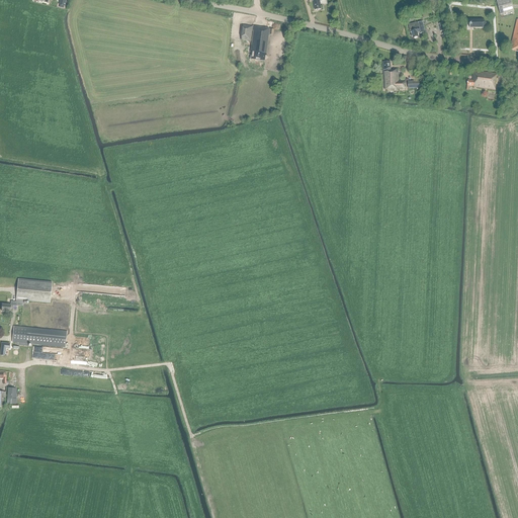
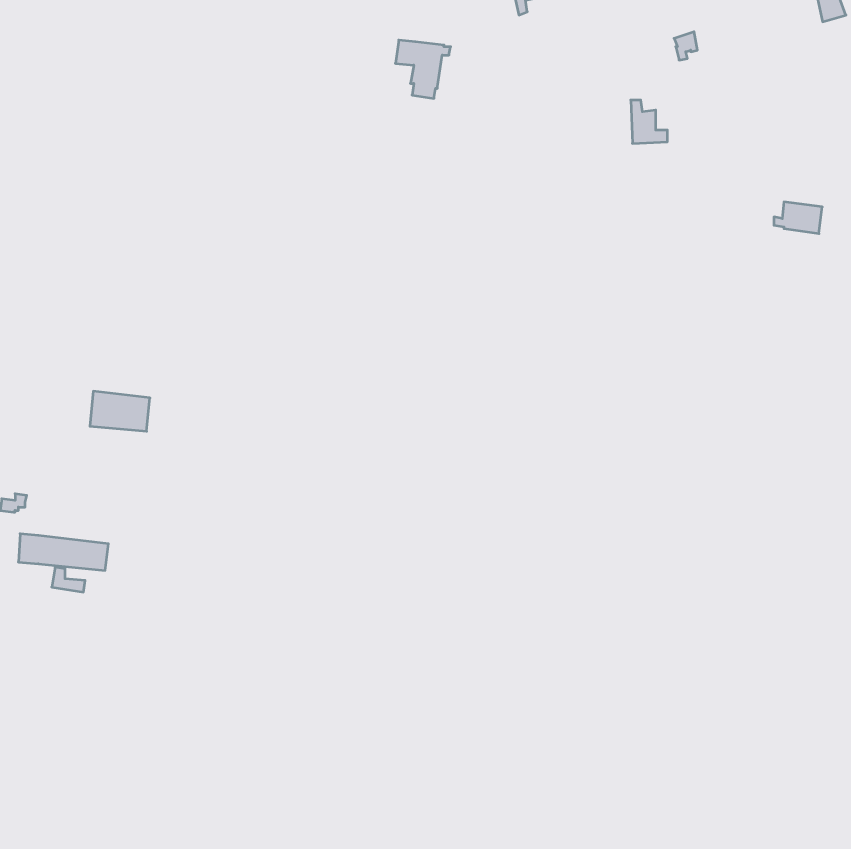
building: [466,69,496,88] -> [774,202,822,234]
building: [14,277,51,301] -> [90,391,150,431]

